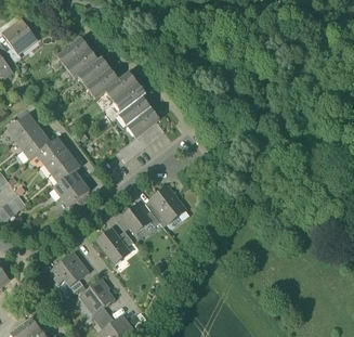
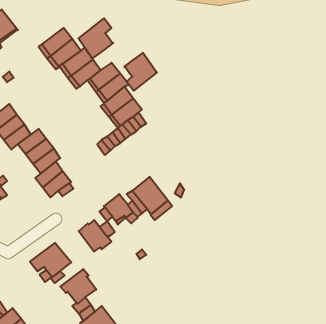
building: none -> [78,18,113,59]
building: none -> [124,53,157,91]

